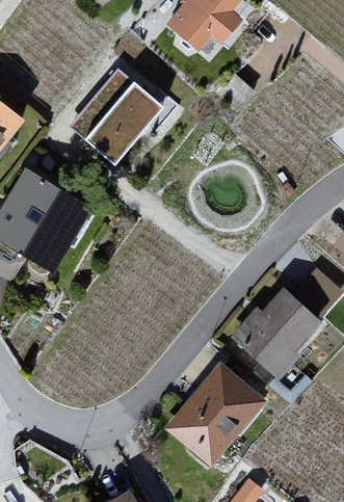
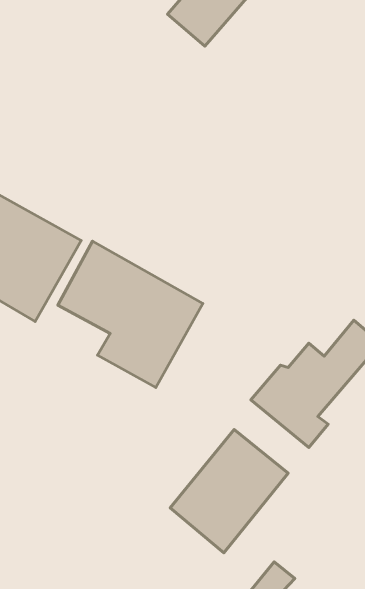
building: [71,70,164,164] -> none
building: none -> [58,241,203,388]

